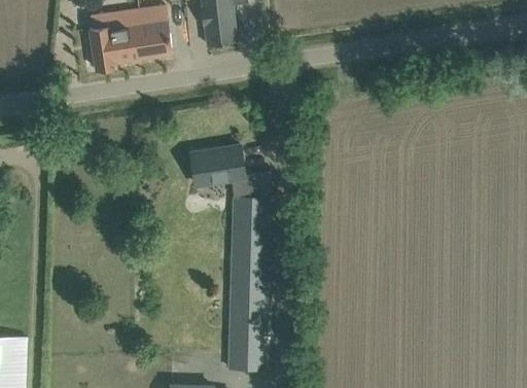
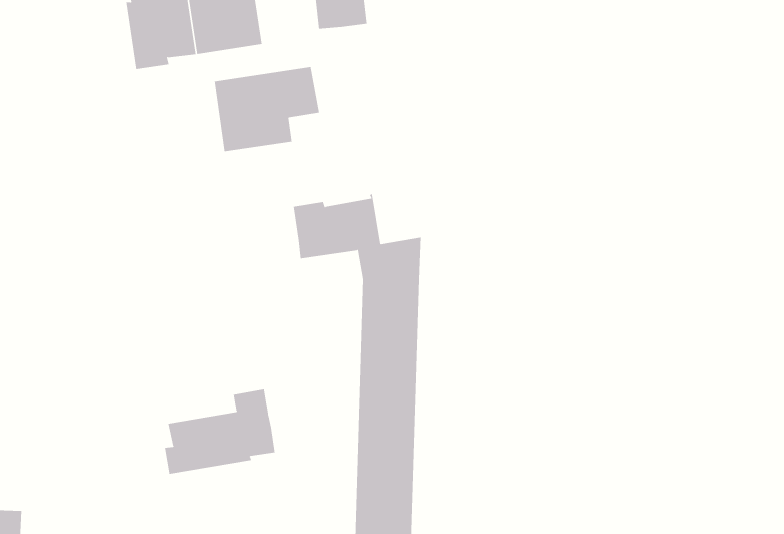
building: none -> [214,66,320,152]
building: none -> [165,388,275,475]

